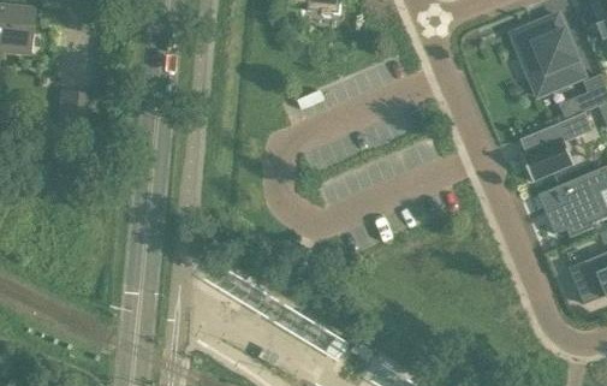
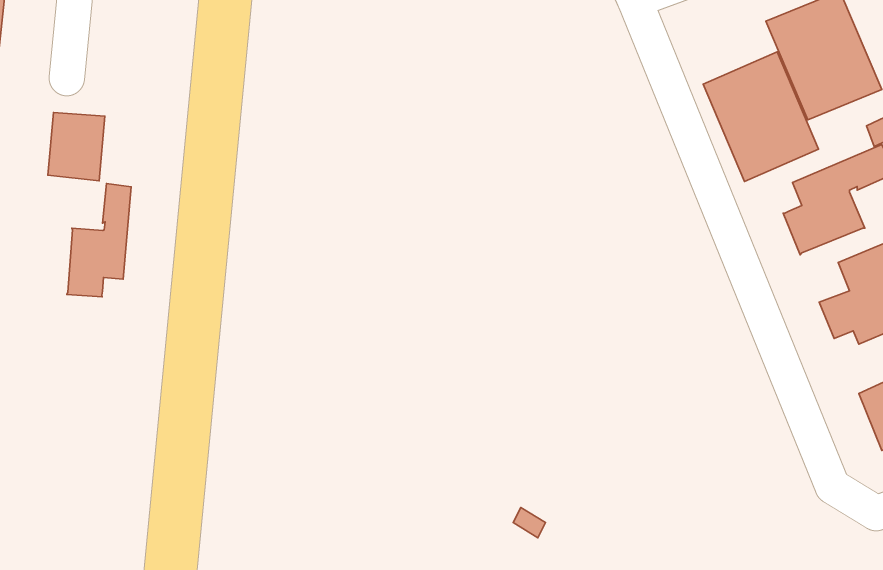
building: none -> [703,52,818,181]
building: none -> [67,184,131,297]

